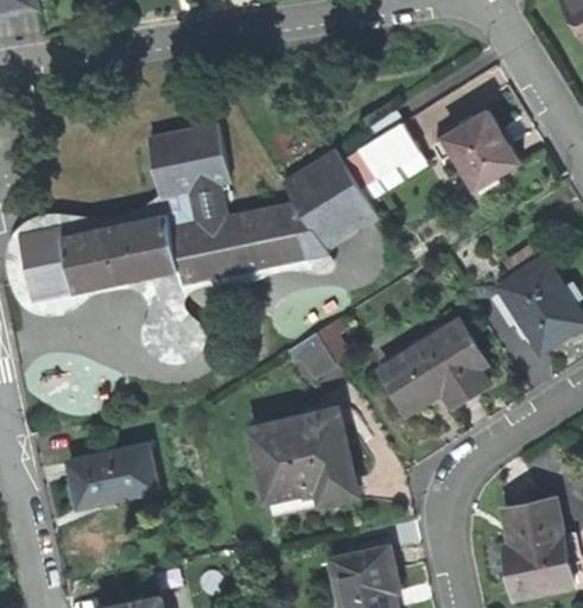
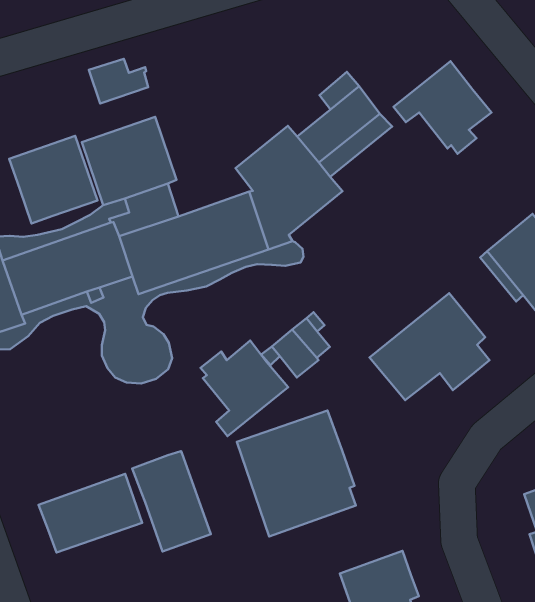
building: none -> [89,59,148,103]
building: none -> [9,136,97,224]
building: none -> [201,340,288,436]
building: none -> [132,451,211,552]

